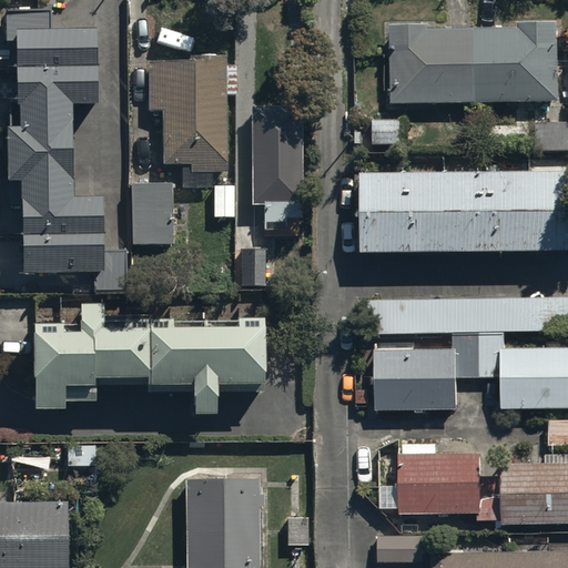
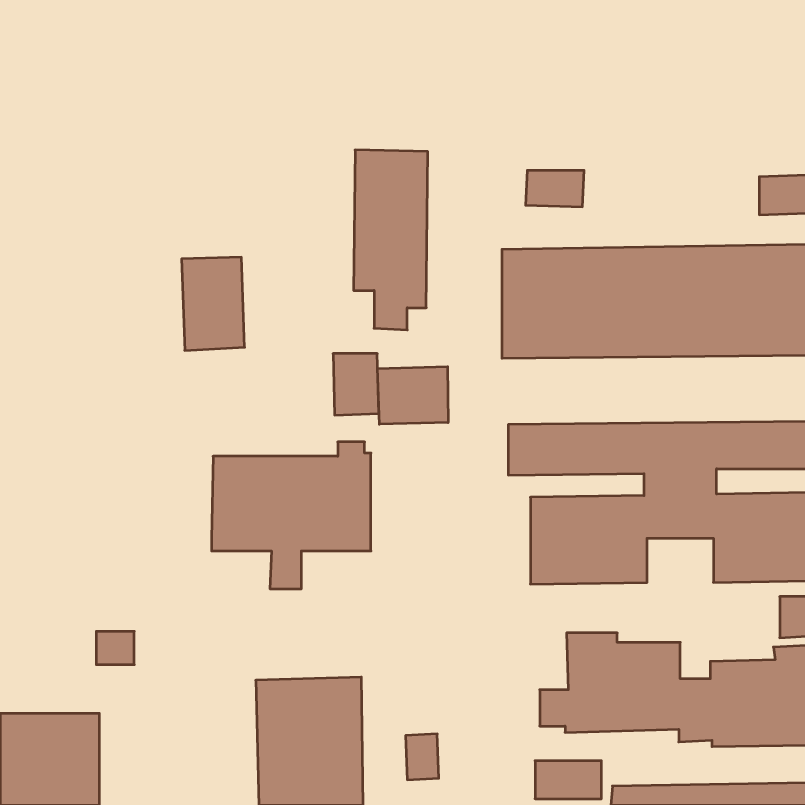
building: [7,9,105,275] -> none
building: [389,22,559,104] -> none
building: [144,60,237,186] -> none
building: none -> [378,367,448,424]
building: [33,304,151,410] -> none

